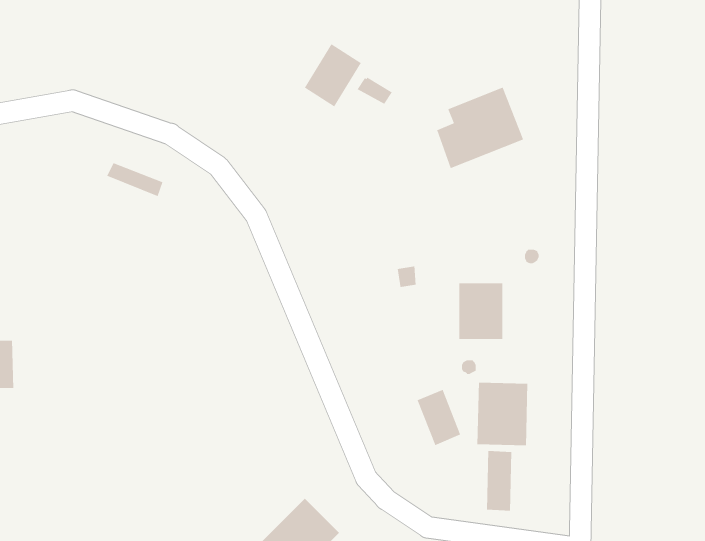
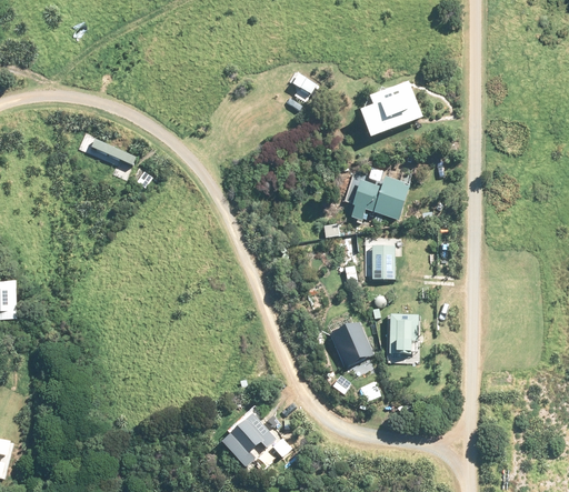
building: [304,43,362,107] -> none
building: none -> [343,169,410,220]
building: [486,450,512,512] -> none

